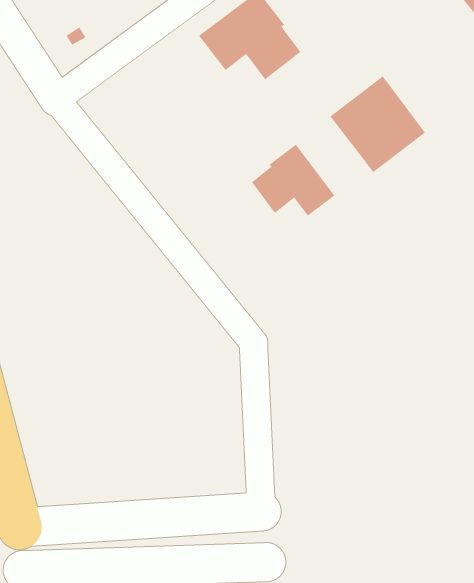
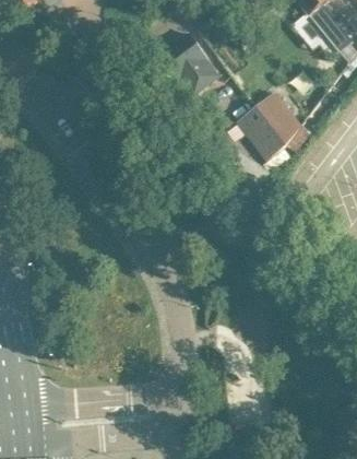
building: [251,144,335,216] -> none

